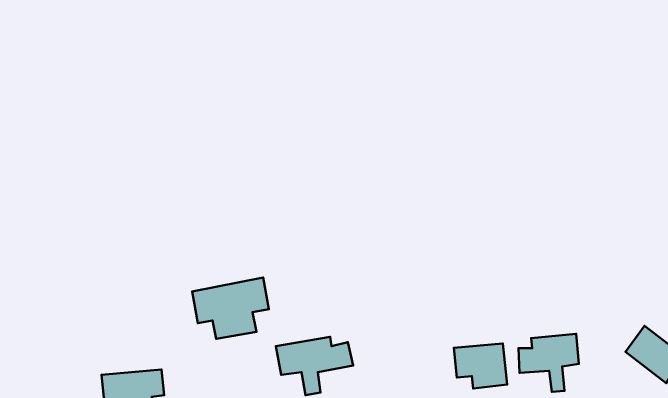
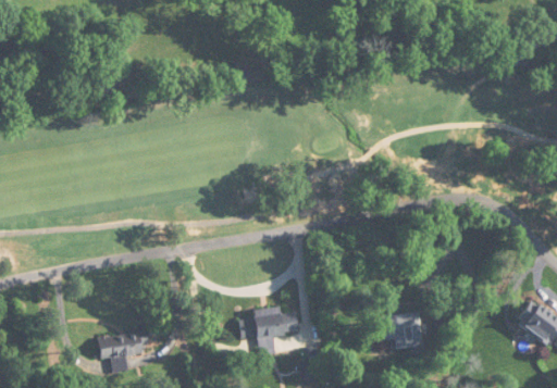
building: [192,278,269,339] -> none
building: [518,334,579,392] -> none

